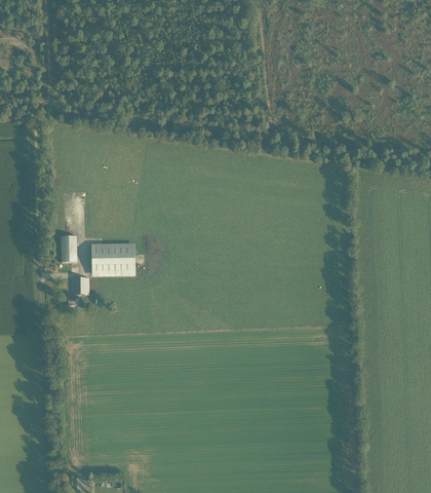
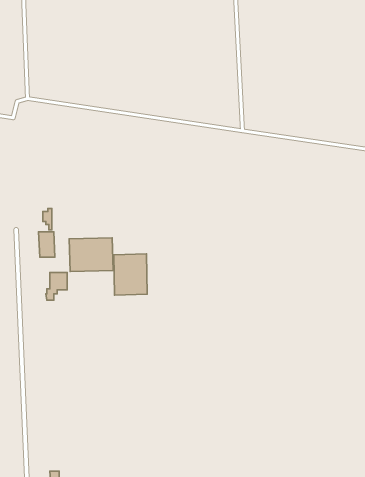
building: none -> [114,254,147,295]

